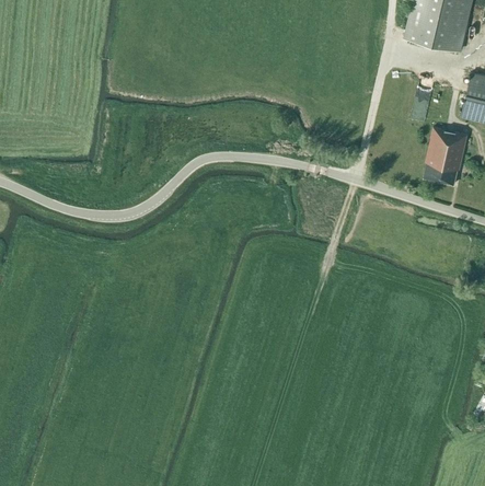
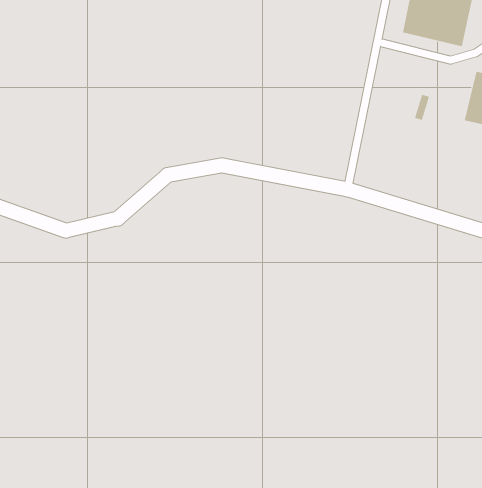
building: [424,127,467,184] -> none

